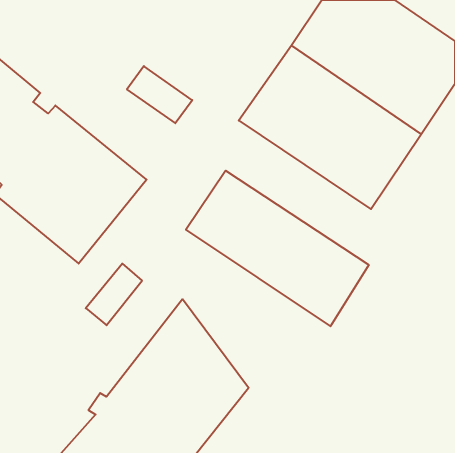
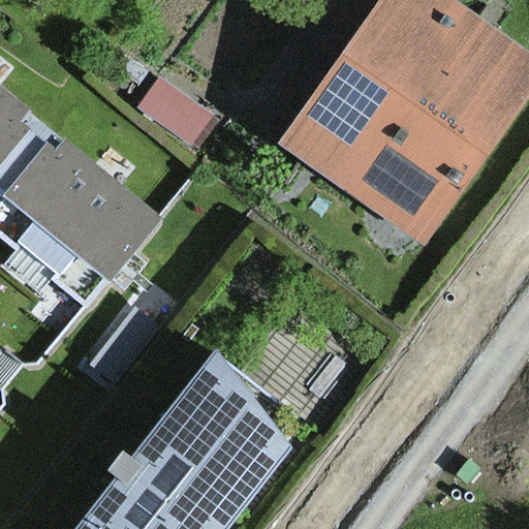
building: [186,171,369,326] -> none

